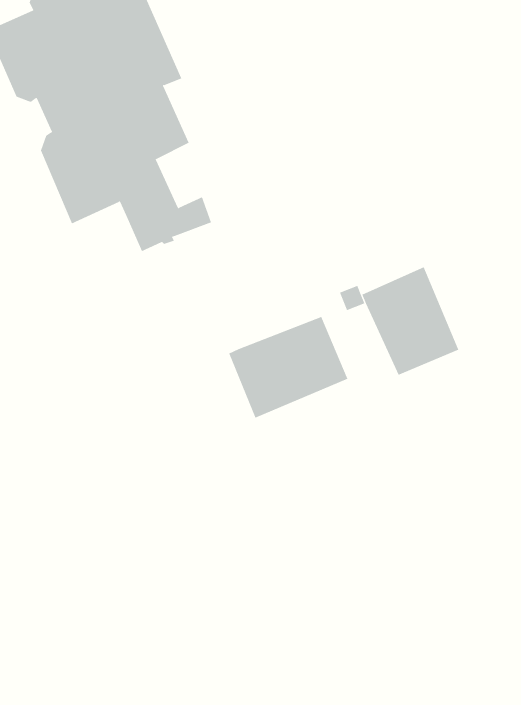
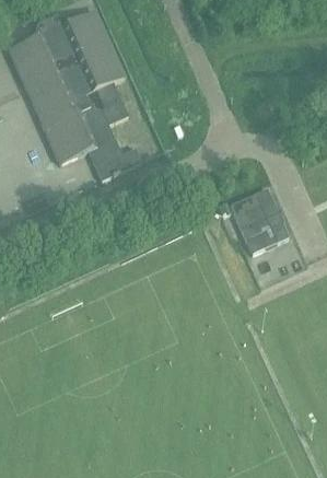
building: [228,316,348,419] -> none

